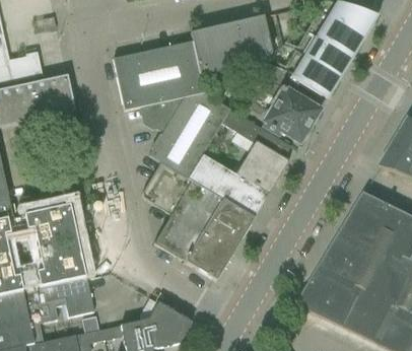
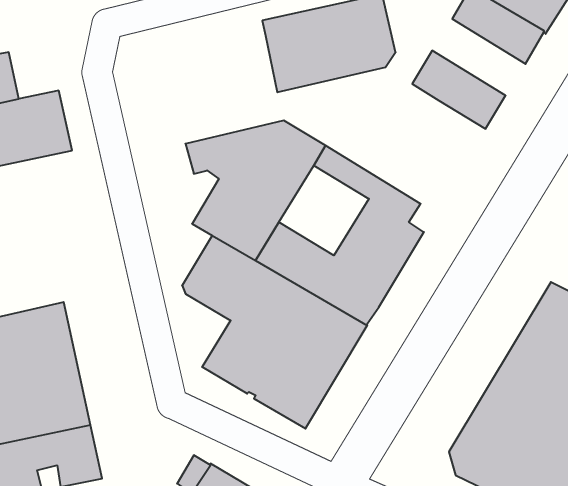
building: [293,30,350,77] -> none
building: [113,41,203,111] -> none
building: [260,66,318,140] -> none

